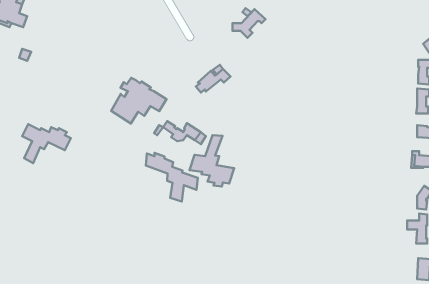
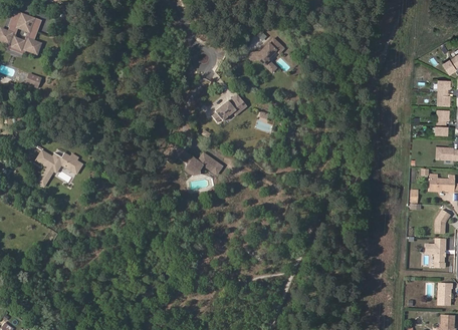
building: [111,78,166,124] -> none
building: [190,135,234,187] -> none
building: [146,153,198,202] -> none

